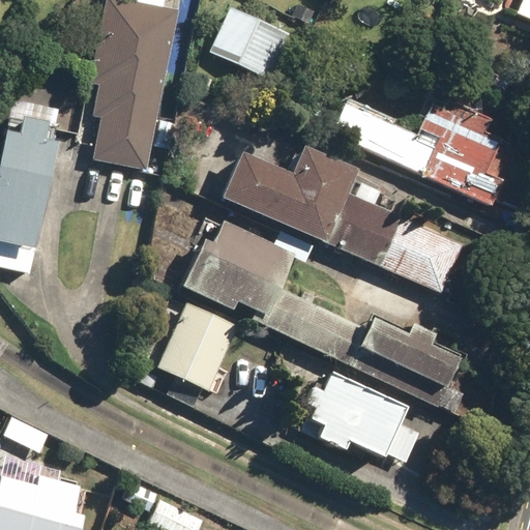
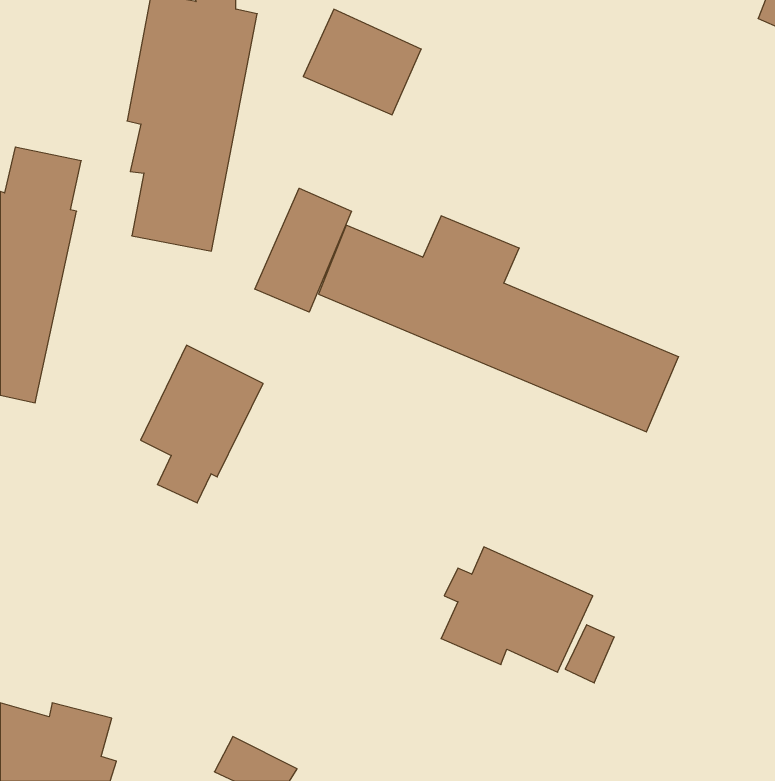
building: [337,104,502,204] -> none
building: none -> [255,188,351,312]
building: [184,222,464,412] -> none
building: [156,301,239,408] -> [141,345,263,503]

